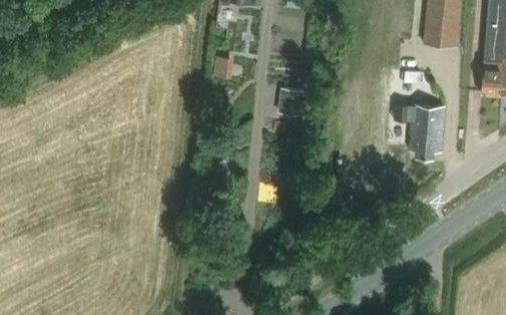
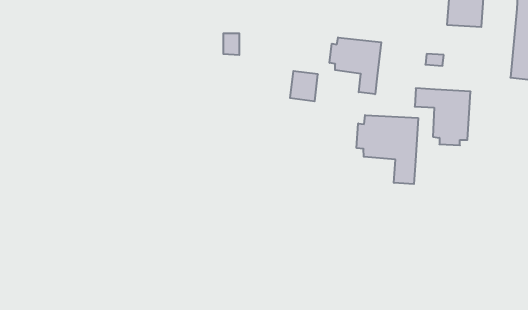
building: none -> [330,37,381,94]
building: none -> [357,115,418,184]

